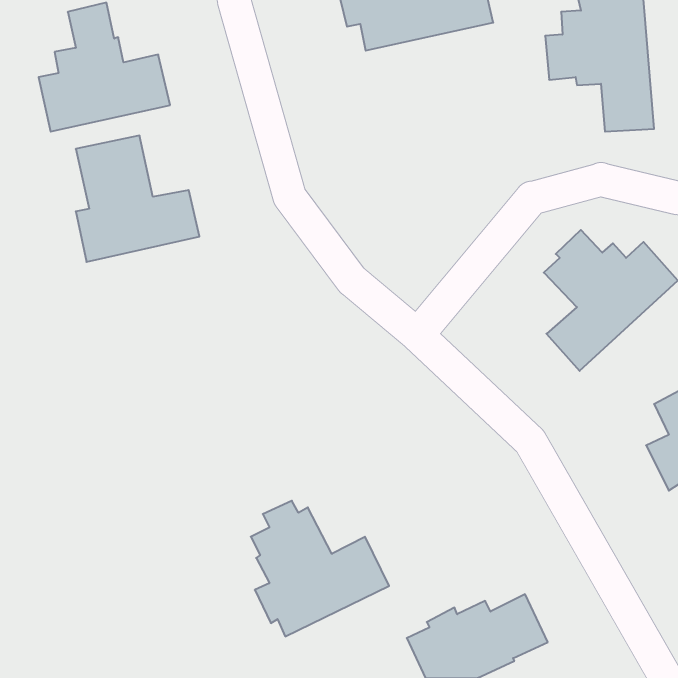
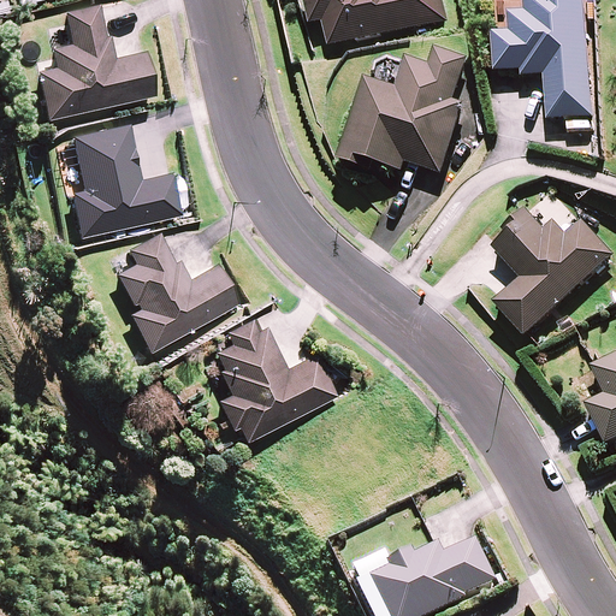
building: none -> [342,46,469,173]
building: none -> [114,231,239,351]
building: [251,501,389,636] -> [213,319,338,442]

